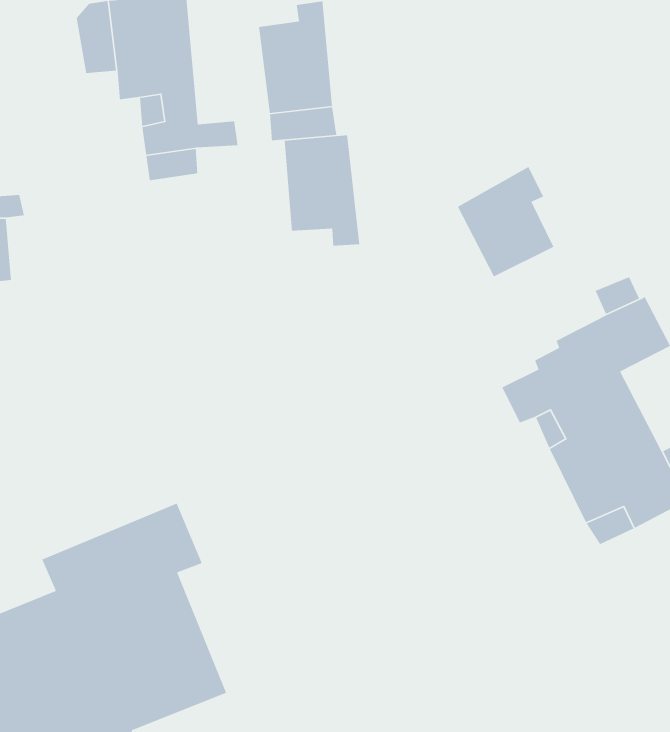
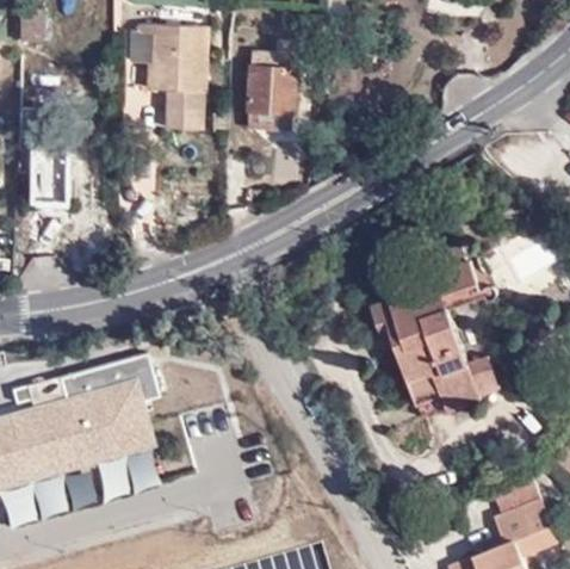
building: [284,134,360,246] -> none
building: [457,166,555,278] -> none

